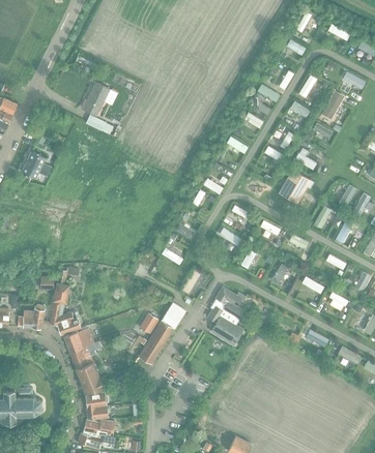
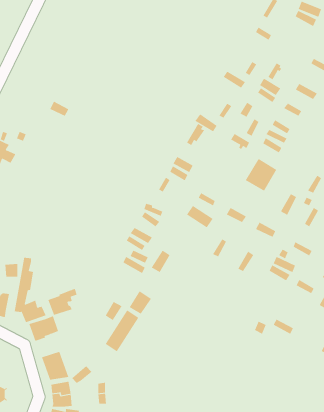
building: [82,83,109,117] -> none
building: [208,288,244,345] -> none
building: [69,342,99,369] -> [47,289,78,316]

